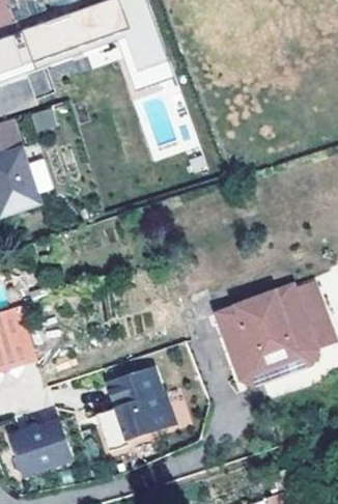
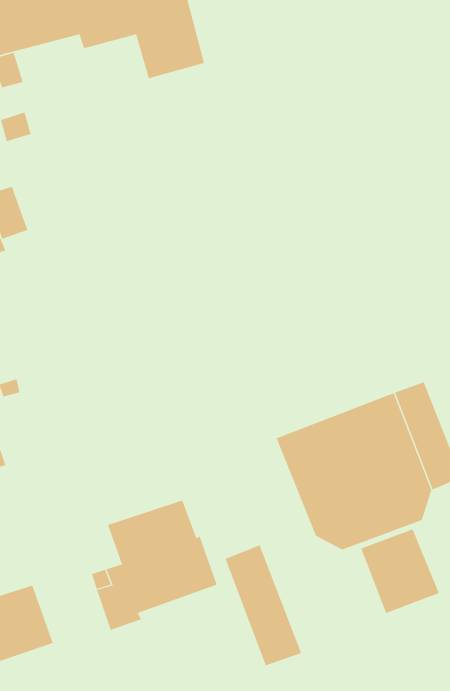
building: none -> [360,528,439,614]
building: none -> [225,544,302,666]

